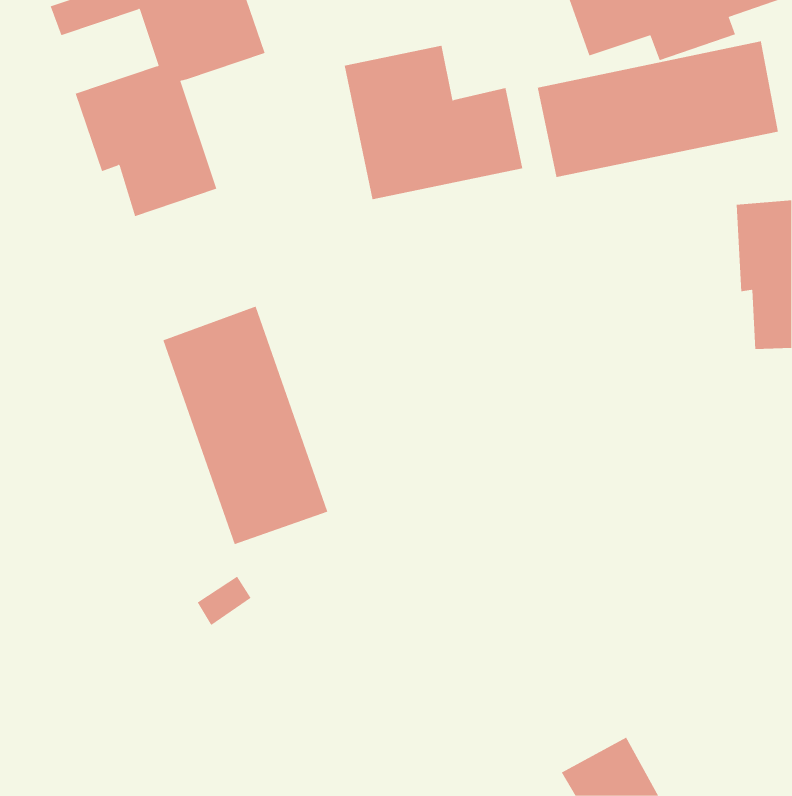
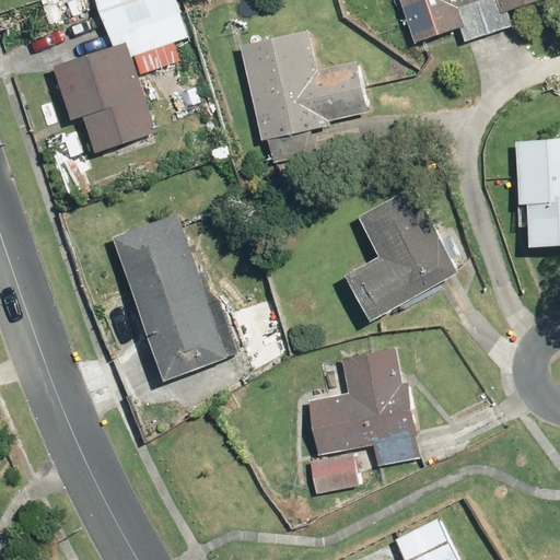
building: [537,41,778,178] -> none
building: none -> [345,185,458,322]
building: none -> [308,354,419,492]

